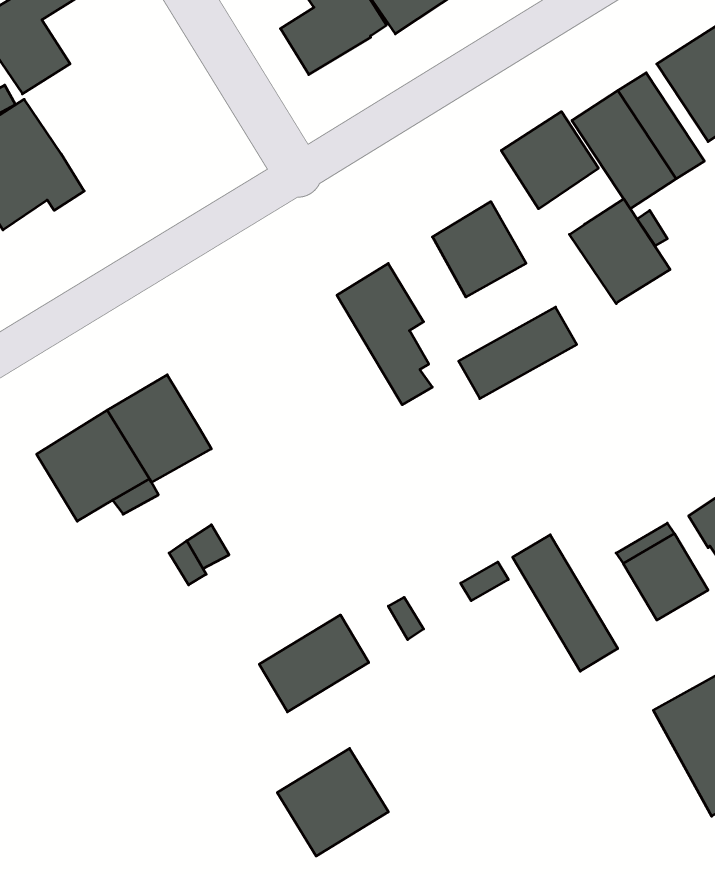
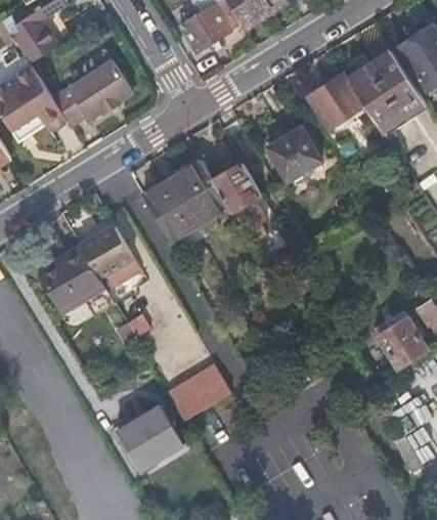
building: none -> [52,59,133,127]
building: [569,199,670,304] -> none
building: none -> [141,160,228,243]
building: [459,307,577,399] -> none
building: [513,535,618,671] -> none
building: [277,748,388,856] -> [118,406,182,469]

